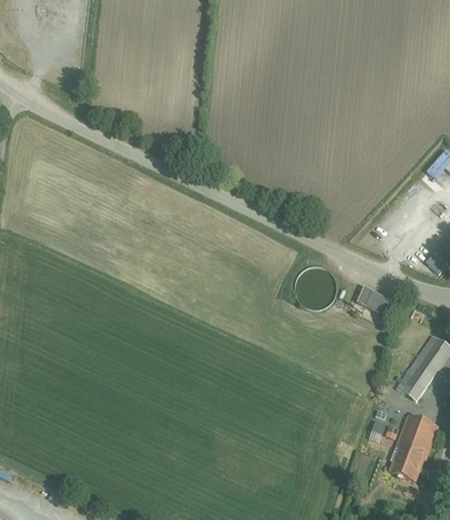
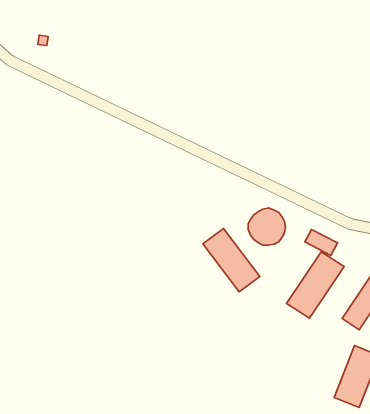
building: none -> [203,228,260,292]
building: none -> [287,252,344,318]

